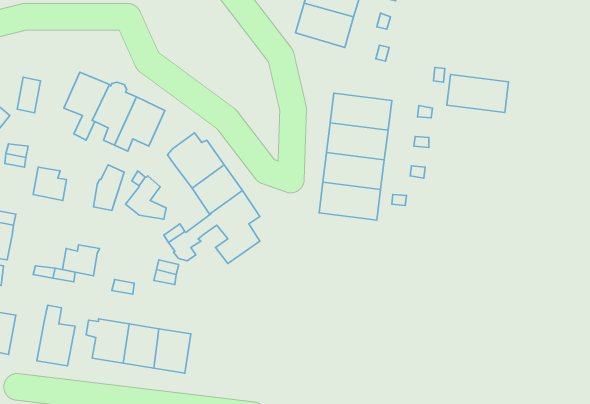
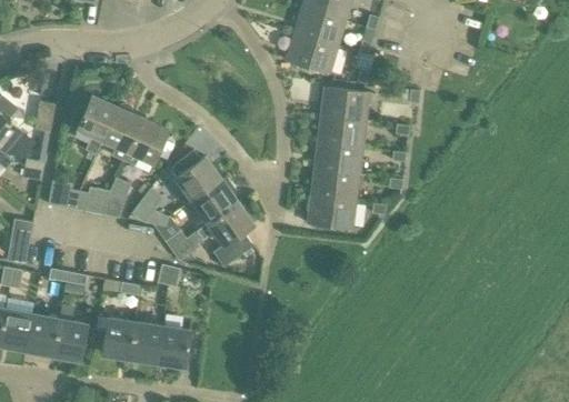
building: [447,74,508,113] -> [319,87,375,121]
building: [63,245,100,276] -> [74,189,108,217]
building: none -> [26,314,58,355]

